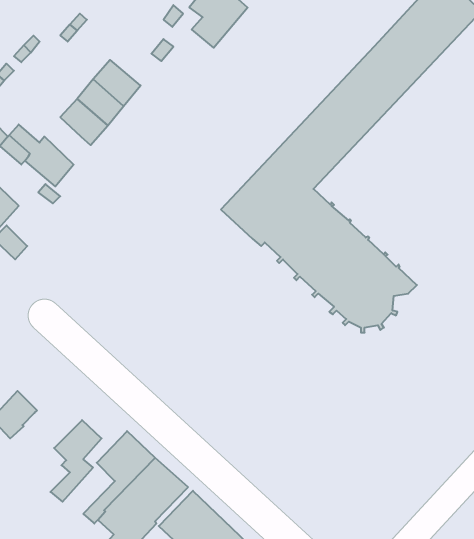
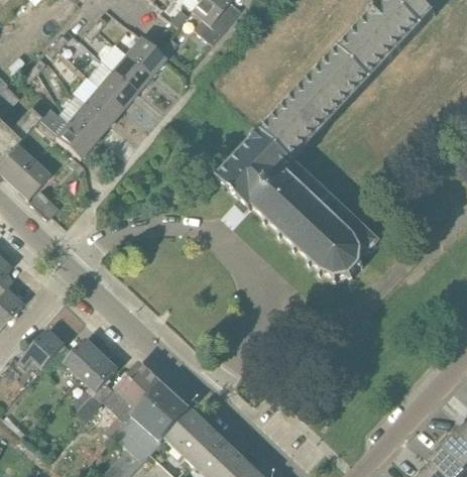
building: none -> [125,36,165,75]
building: none -> [71,101,109,140]
building: none -> [52,337,102,375]

